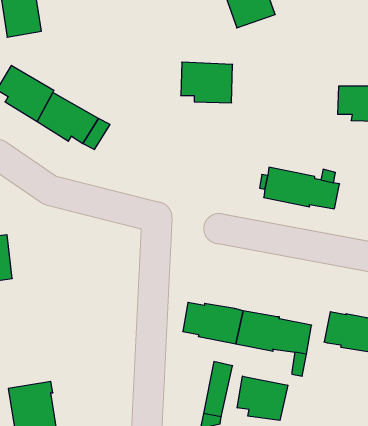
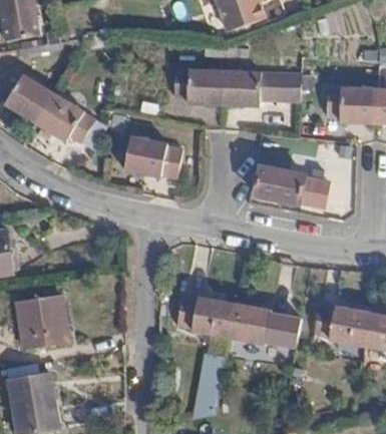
building: none -> [224,67,301,106]
building: none -> [124,137,182,177]
building: none -> [16,295,67,350]
building: [237,376,288,420] -> none

